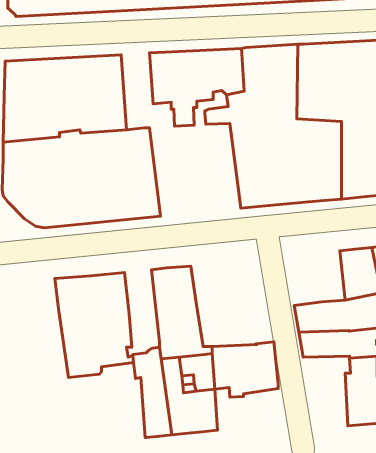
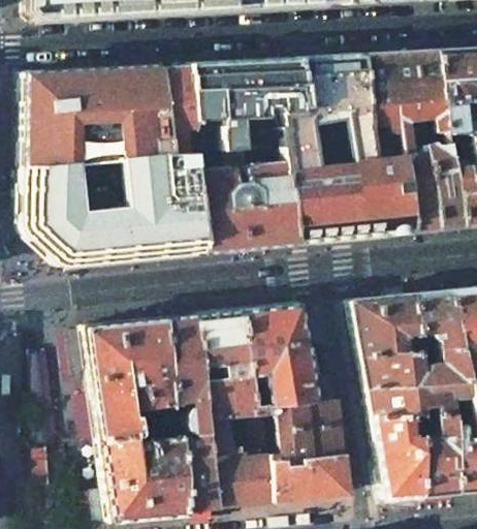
building: none -> [164,62,201,151]
building: none -> [197,144,303,251]
building: none -> [355,291,423,354]
building: none -> [245,303,321,402]
building: none -> [168,313,209,404]
building: none -> [375,413,430,497]
building: none -> [103,421,193,521]
building: none -> [273,449,350,499]

